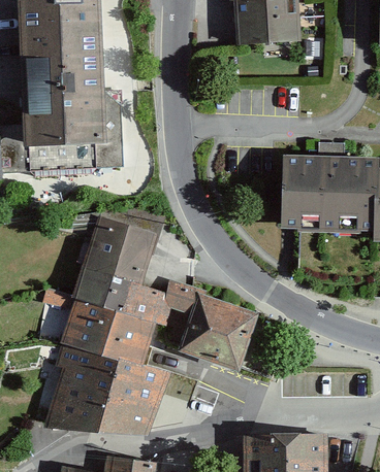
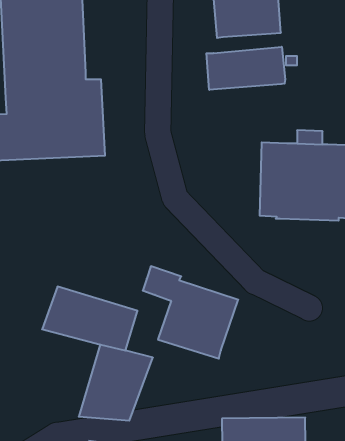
building: none -> [206,47,285,90]
building: [74,216,173,328] -> none
building: [42,343,118,432] -> none

